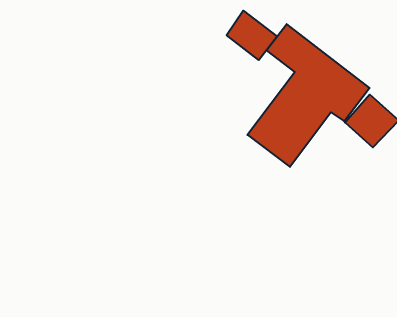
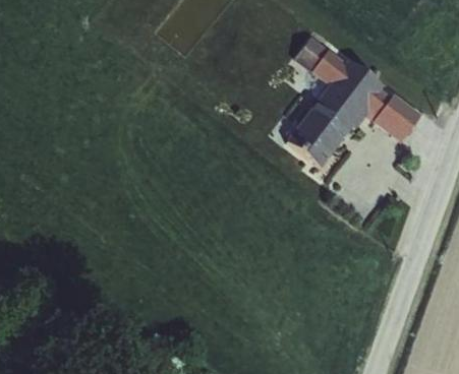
building: [227,11,277,60] -> none

